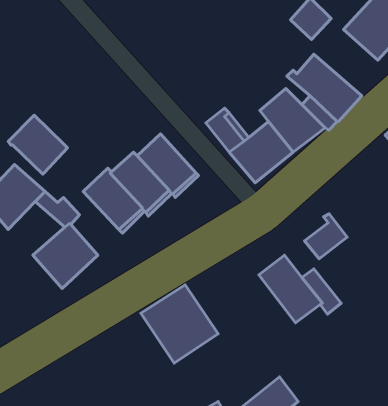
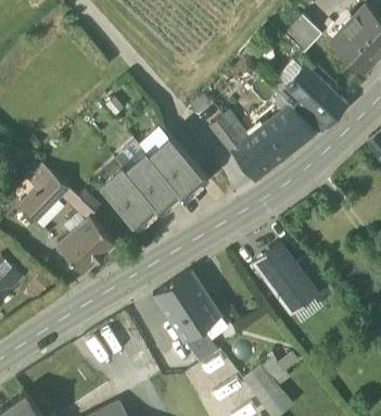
building: [8,115,68,174] -> none
building: [305,214,347,259] -> none
building: none -> [181,326,217,364]

